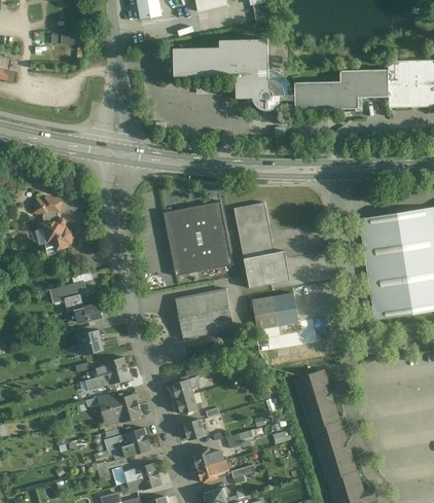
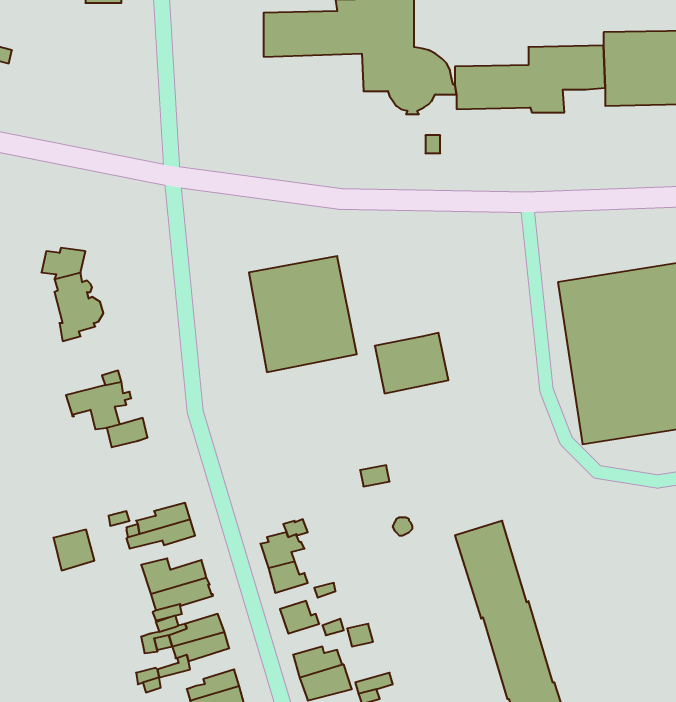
building: [233,202,274,258] -> none
building: [175,288,232,338] -> none
building: [252,292,297,328] -> none
building: [76,329,102,355] -> [53,530,94,570]

